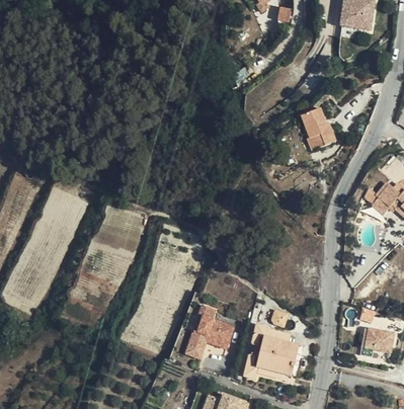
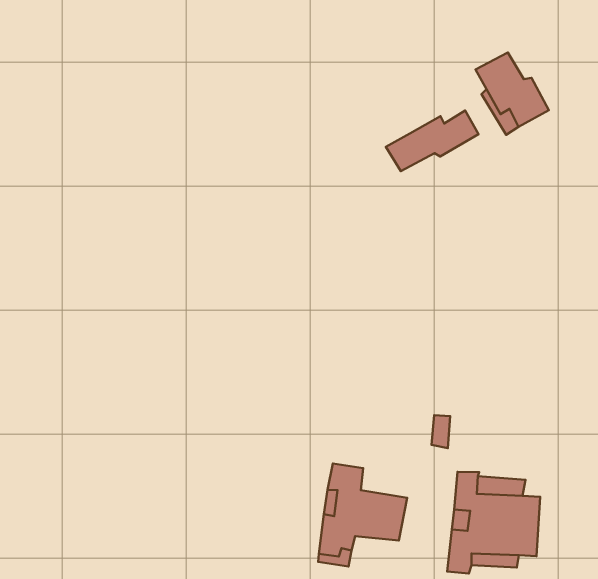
building: none -> [386,111,479,171]

